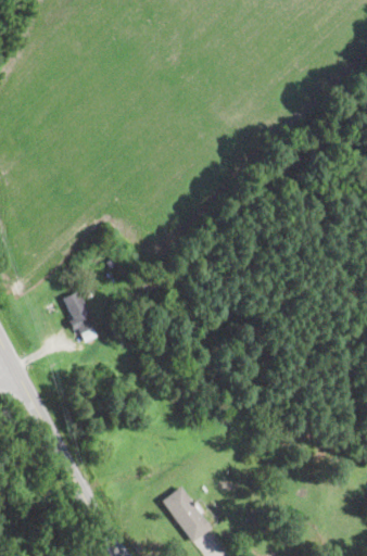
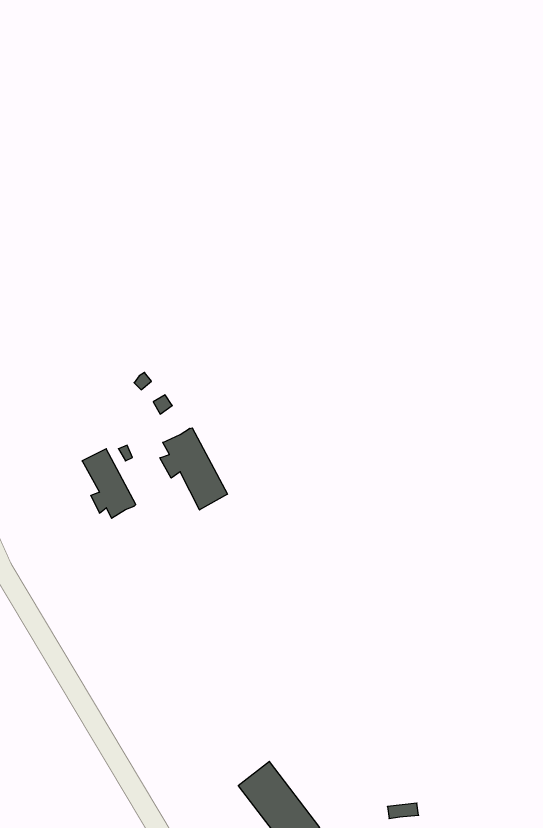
building: none -> [160,428,227,510]

